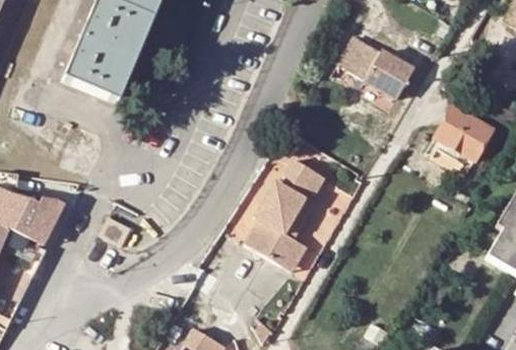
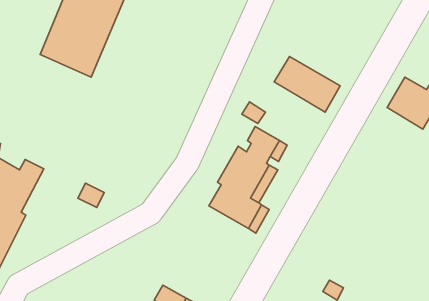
building: [341,41,412,100] -> [274,56,340,112]

